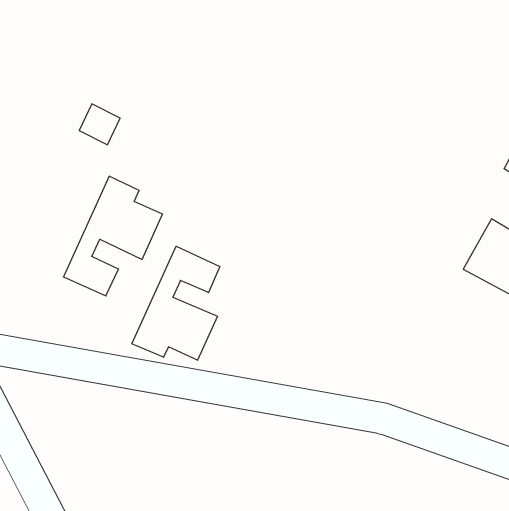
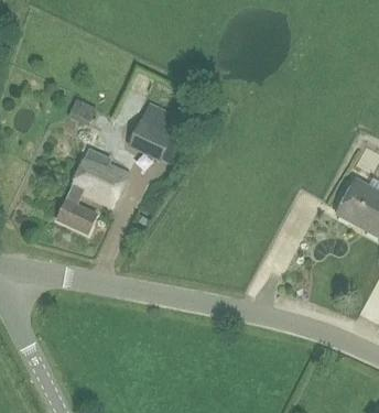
building: none -> [127,102,187,166]
building: [132,246,220,360] -> none

